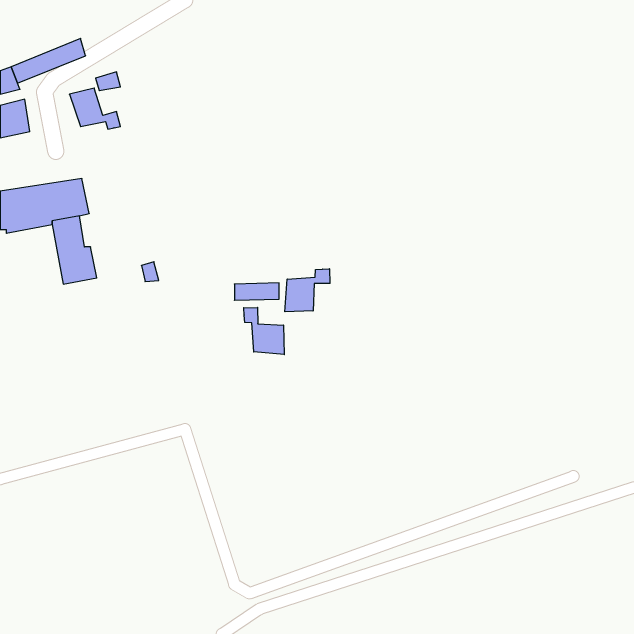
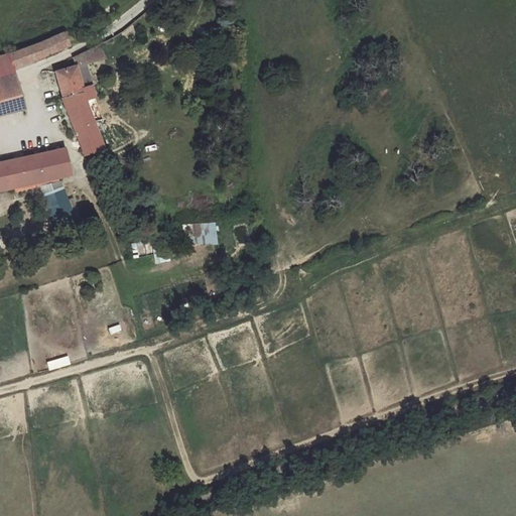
building: none -> [66,99,101,156]
building: [285,269,330,312] -> none
building: [244,307,284,355] -> none

